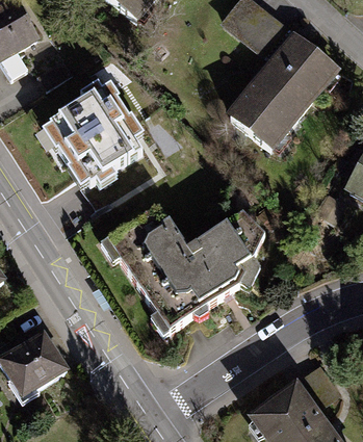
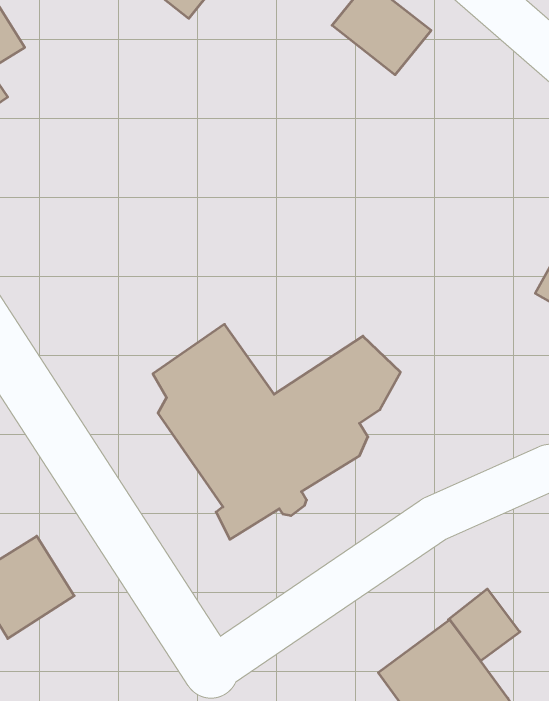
building: [232,35,336,147] -> none
building: [47,96,145,190] -> none

